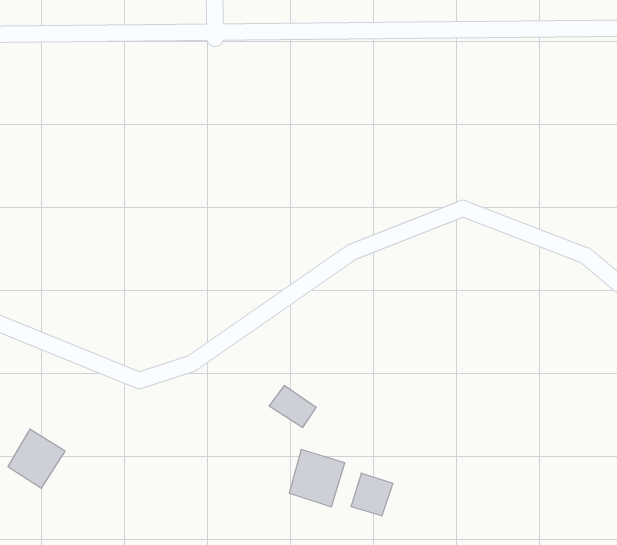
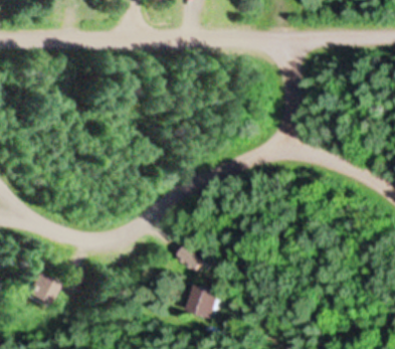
building: [351,473,393,516] -> none

